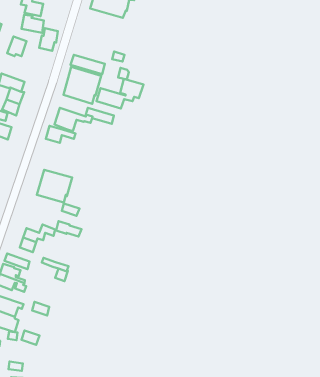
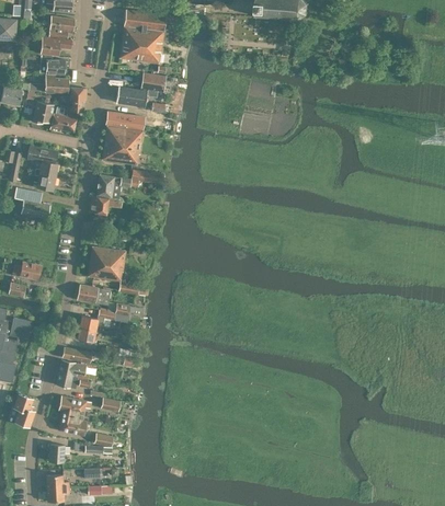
building: none -> [50,105,77,130]
building: [97,79,144,108] -> [116,72,167,106]
building: none -> [78,285,112,304]

